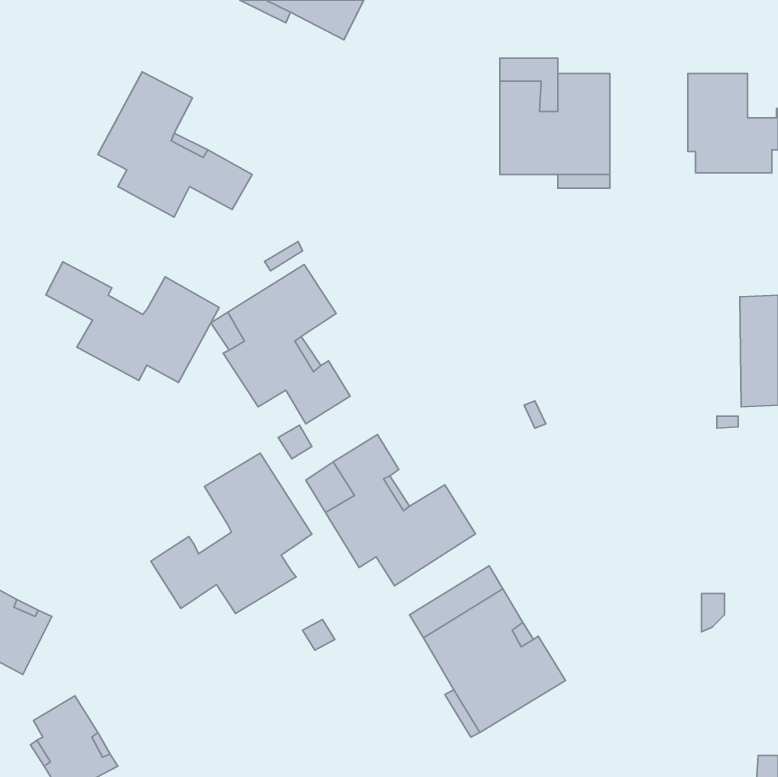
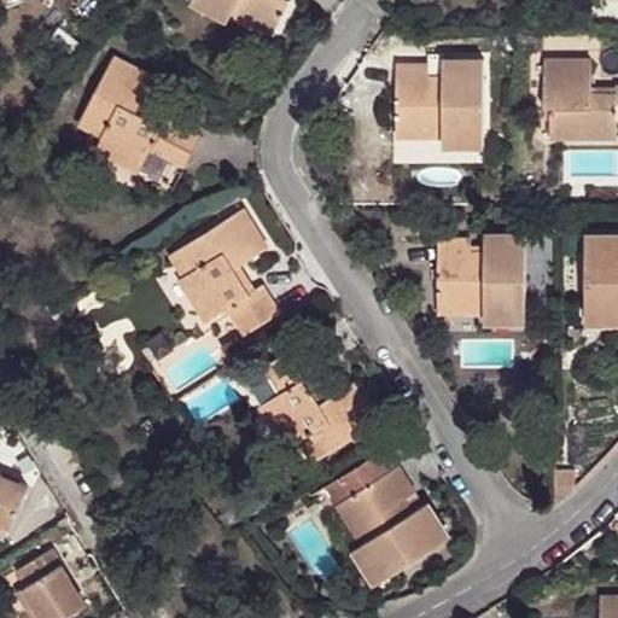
building: [46,262,219,383] -> none
building: none -> [430,237,524,316]
building: [151,453,312,613] -> none

